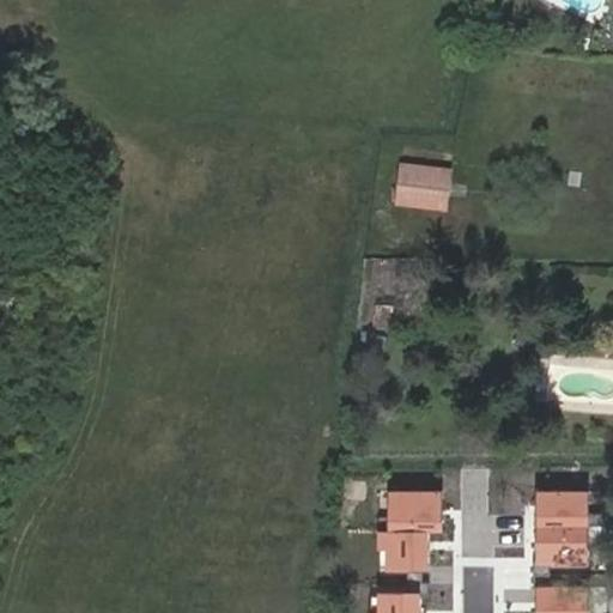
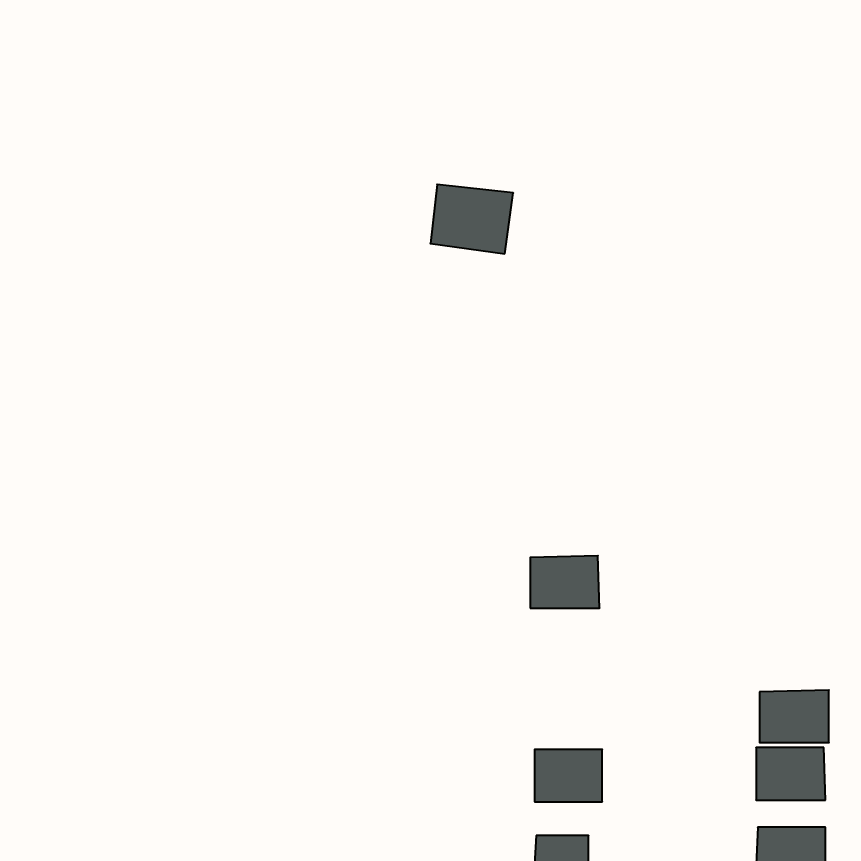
building: [395,164,454,213] -> [430,184,513,254]
building: [390,490,439,527] -> [530,556,600,608]

